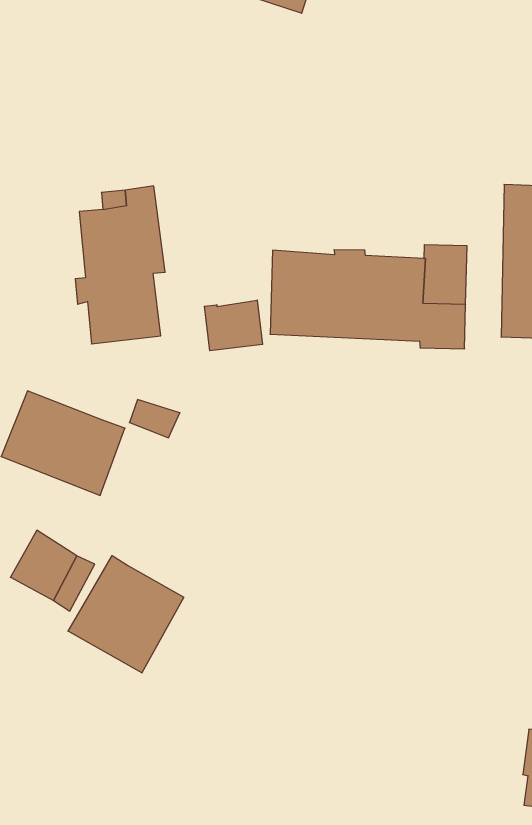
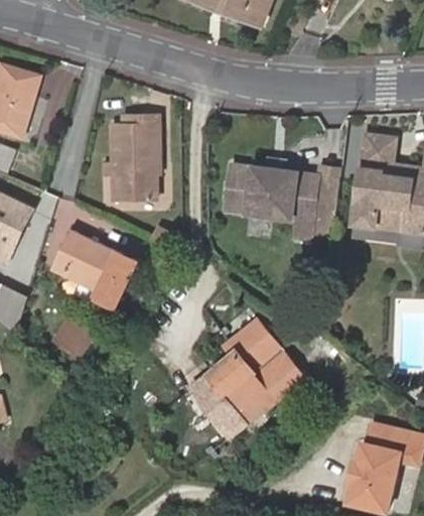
building: [204,300,263,351] -> none
building: none -> [184,320,305,438]
building: [68,556,184,673] -> none

